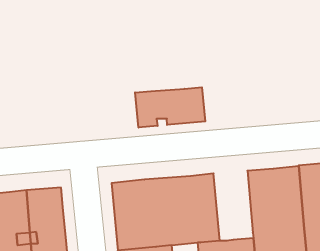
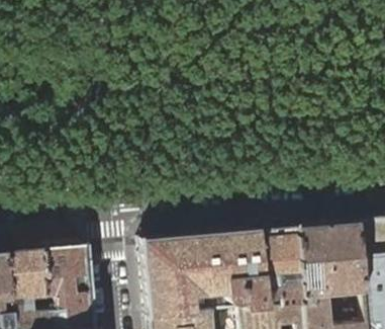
building: [135,87,205,128] -> none
building: none -> [259,227,304,307]

